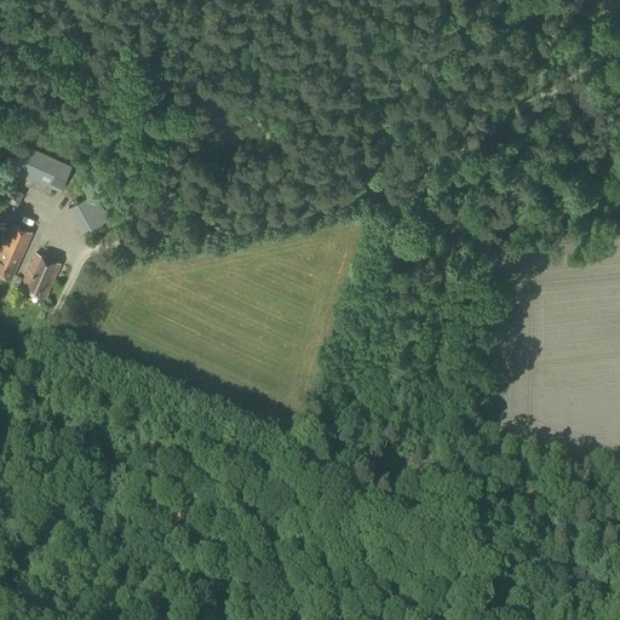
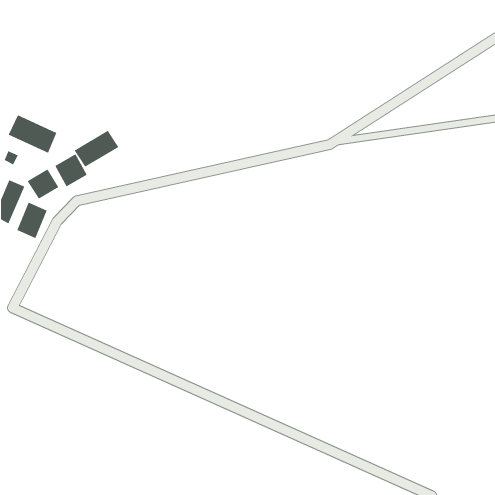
building: none -> [74,130,119,168]
building: none -> [27,169,59,200]

